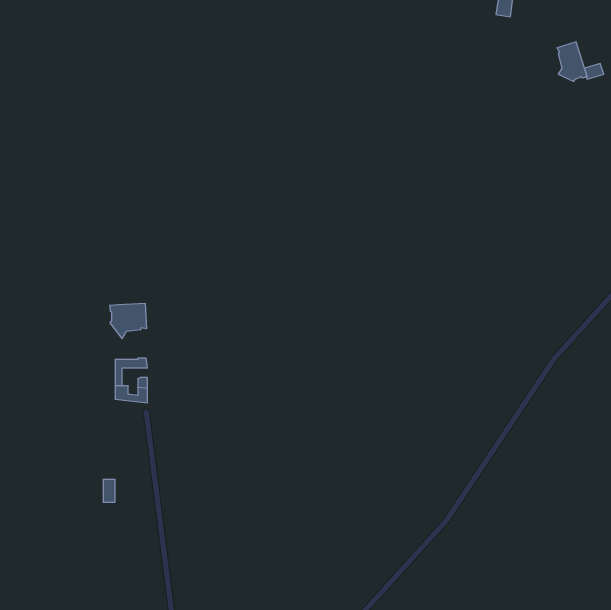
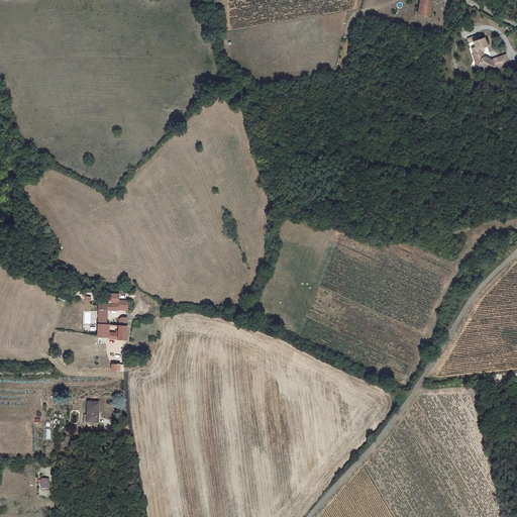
building: [110,303,146,339] -> none

